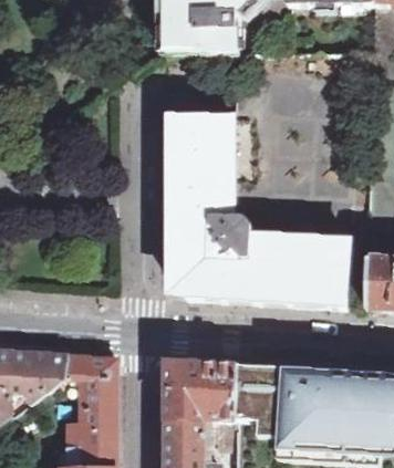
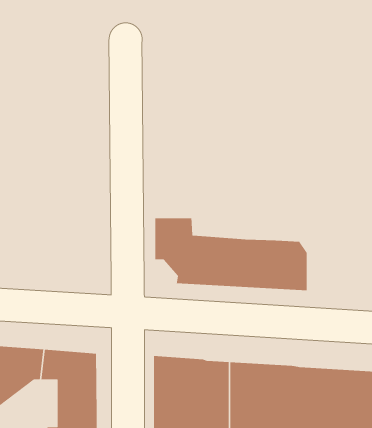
building: [165,116,247,256] -> none
building: [272,233,345,304] -> none

